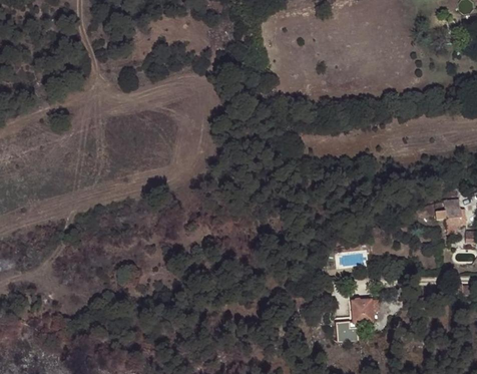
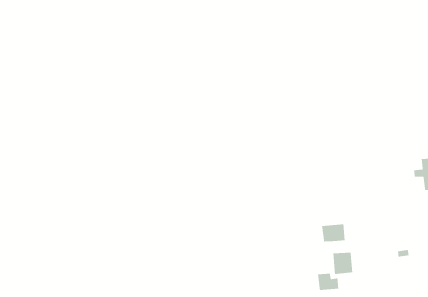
building: none -> [321,224,345,243]

